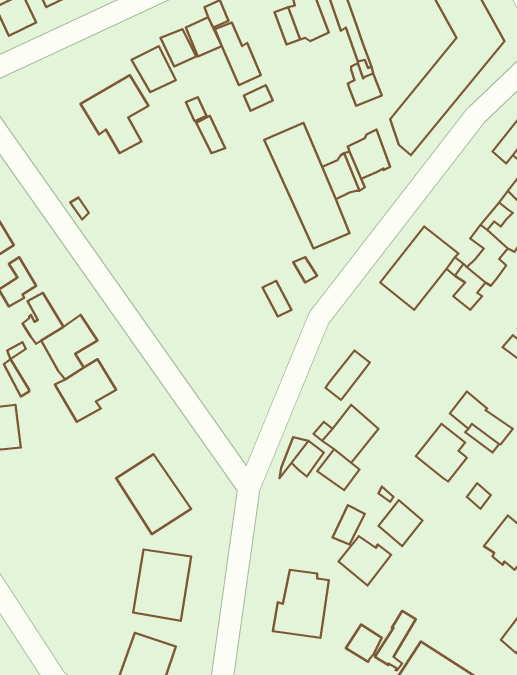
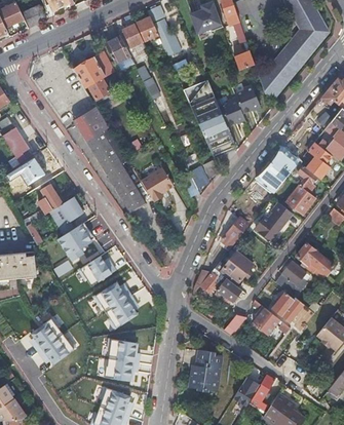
building: none -> [73,106,147,214]
building: none -> [142,168,175,201]
building: none -> [286,185,315,214]
building: none -> [257,201,293,240]
building: none -> [80,250,117,285]
building: none -> [31,317,75,363]
building: [339,536,391,585] -> [272,293,304,322]

